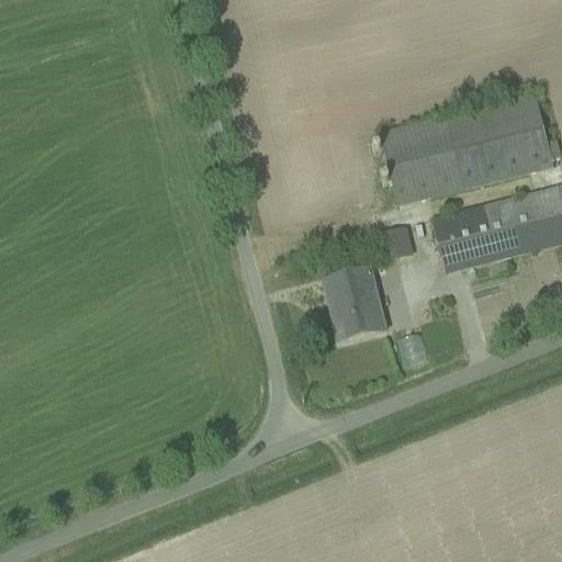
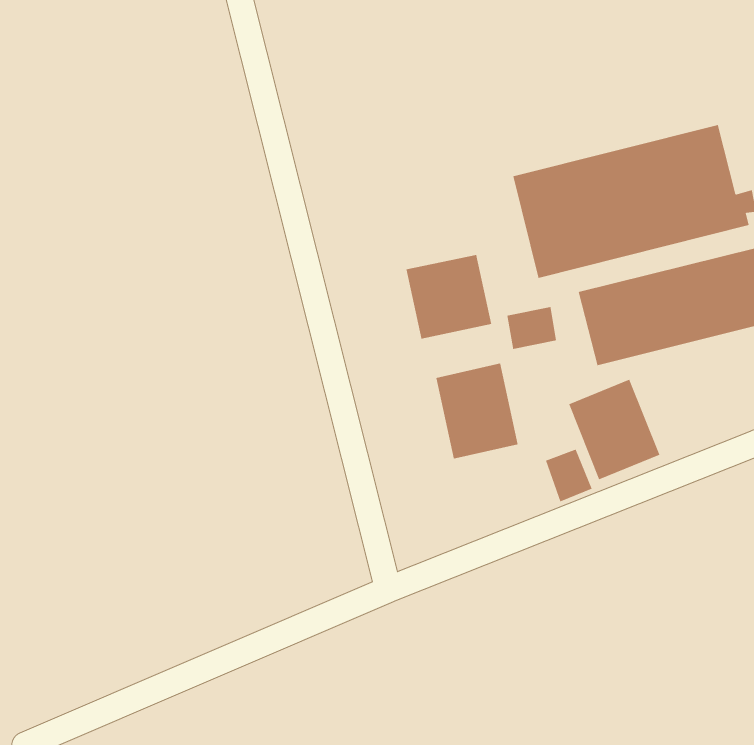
building: none -> [406,254,492,340]
building: none -> [568,379,660,480]

